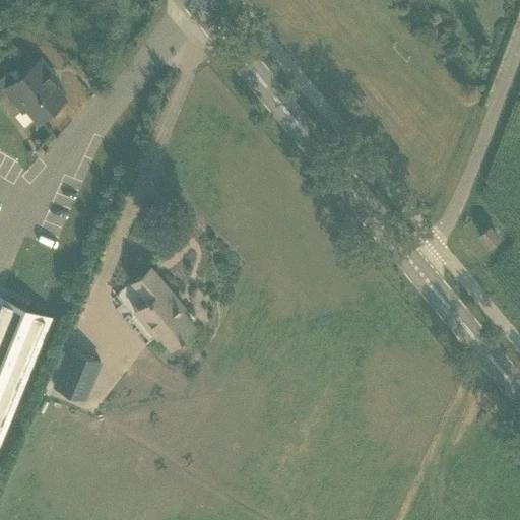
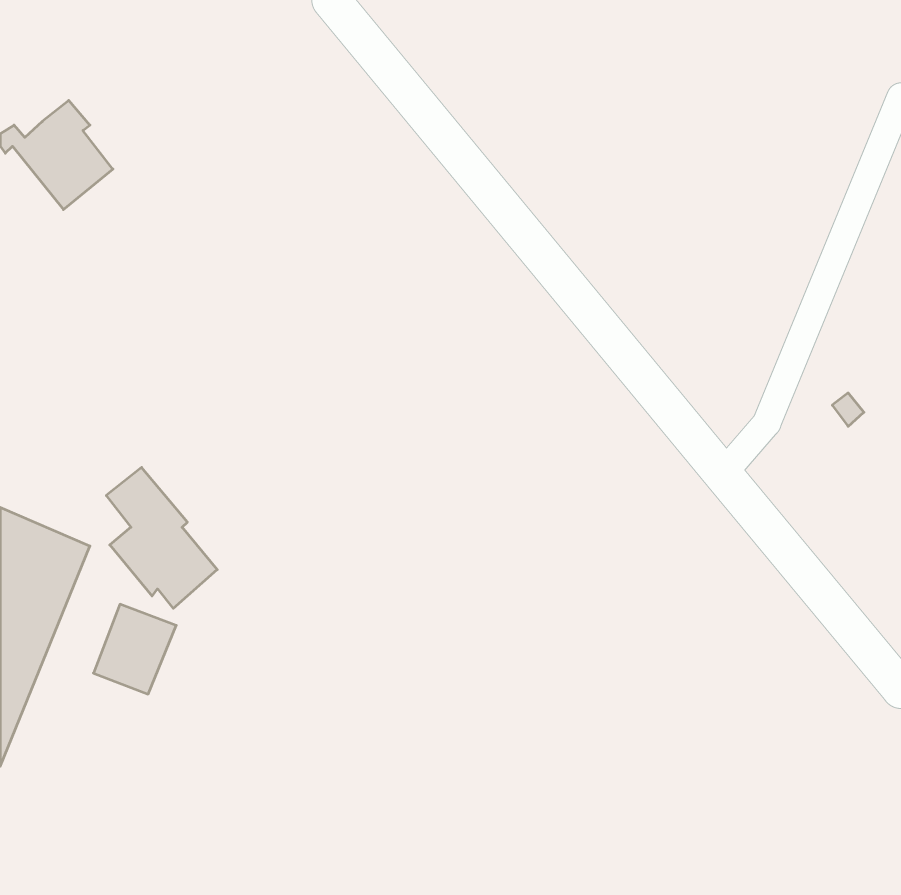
building: [130,269,194,350] -> [106,467,217,608]

